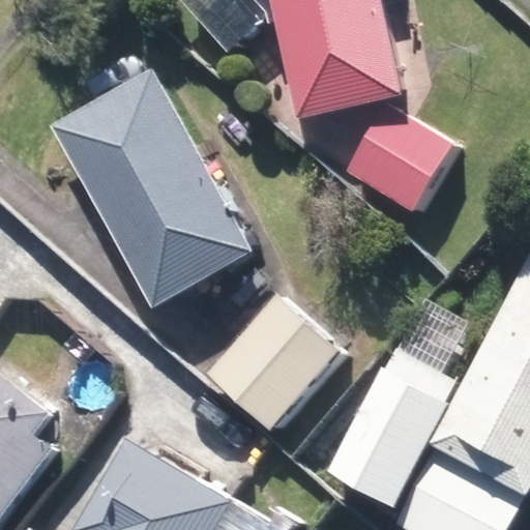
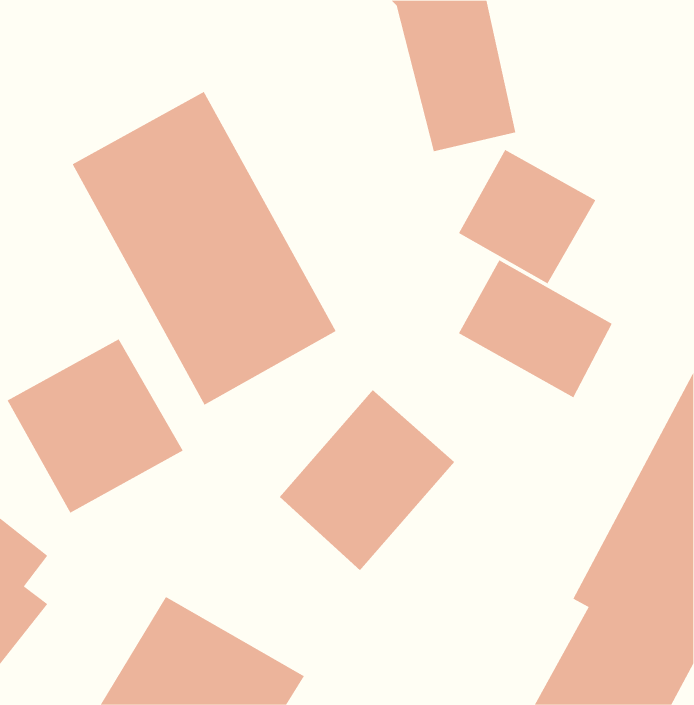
building: none -> [458,260,613,398]
building: none -> [7,338,184,514]
building: [325,357,453,509] -> none

